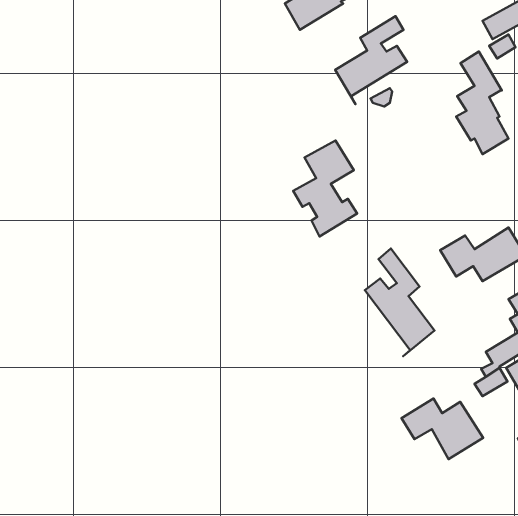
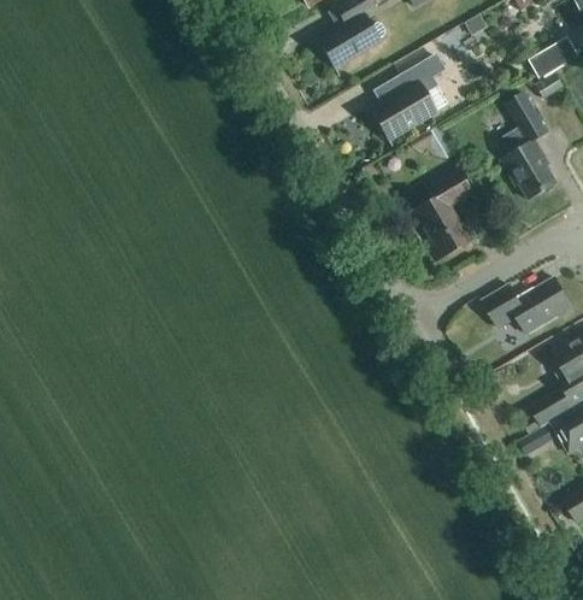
building: [293,141,357,236] -> [410,159,477,260]
building: [365,249,435,356] -> none
building: [401,399,483,459] -> none

